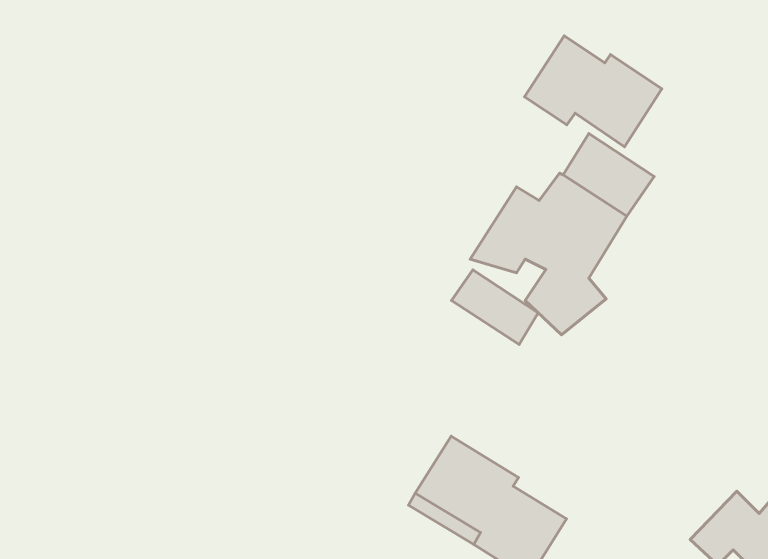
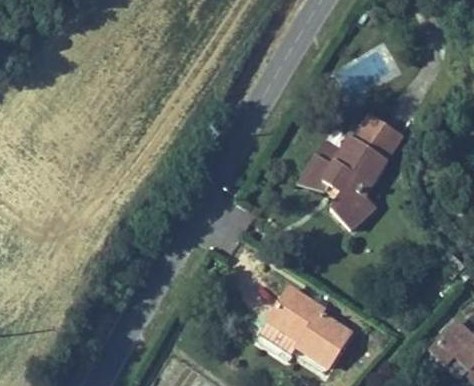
building: [524,36,662,147] -> none
building: [451,270,538,344] -> none

